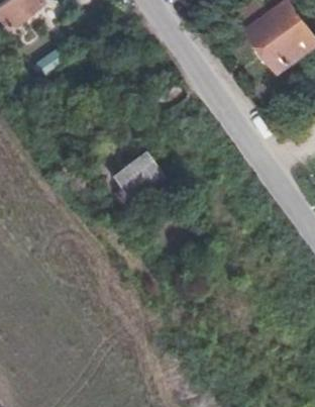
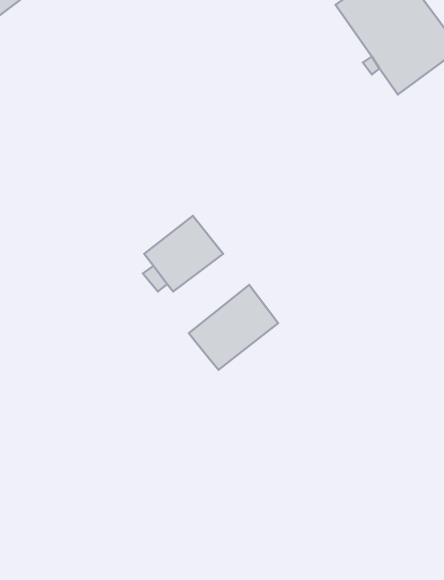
building: none -> [189,285,278,370]

